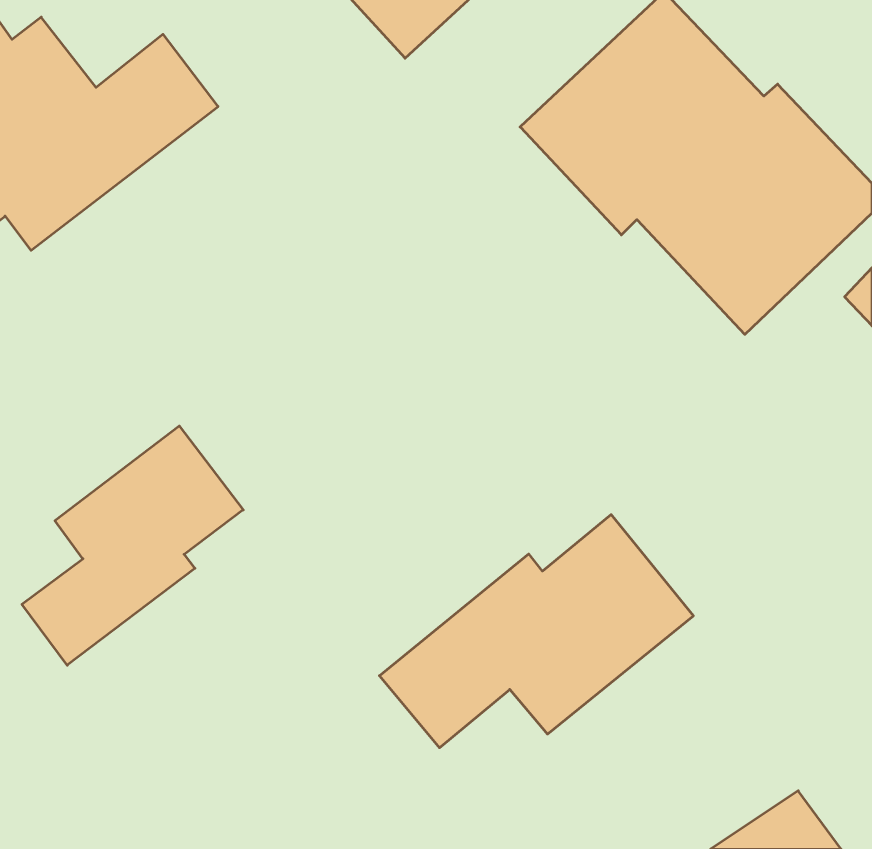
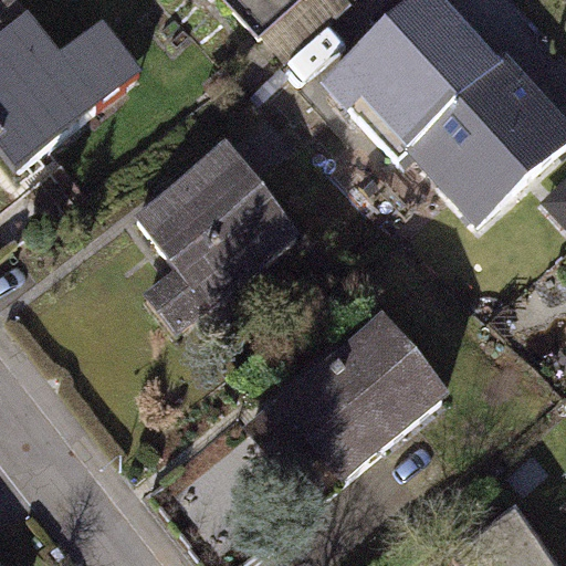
building: none -> [144,149,293,325]
building: [22,426,243,665] -> none

